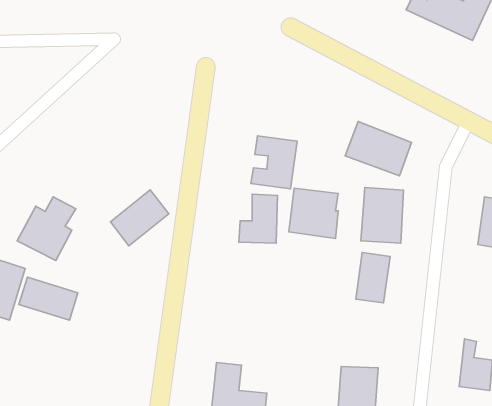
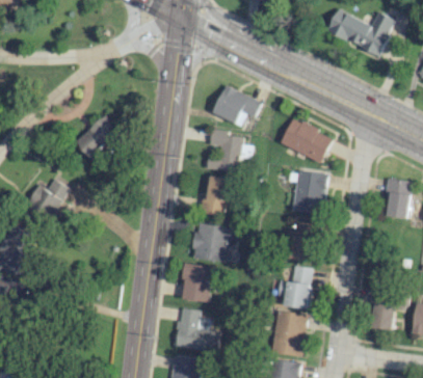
building: none -> [212,85,262,125]
building: [289,188,338,239] -> [192,222,231,262]
building: [110,190,169,246] -> [74,115,120,159]
building: [19,277,78,320] -> none
building: none -> [180,262,212,302]
building: none -> [277,265,311,308]

